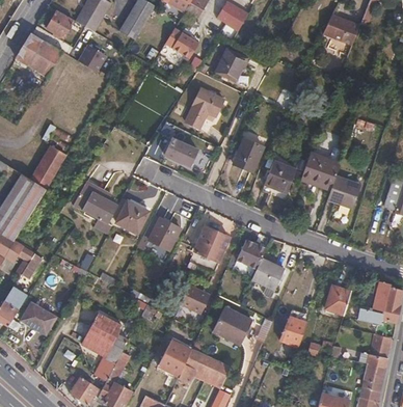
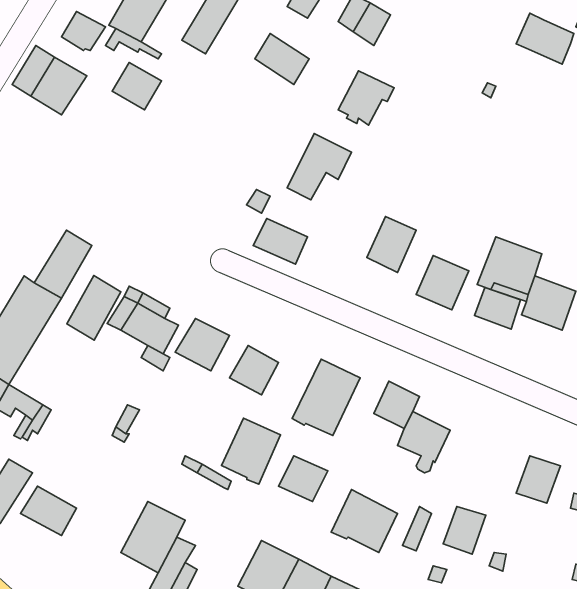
building: none -> [67,275,121,340]
building: none -> [474,287,520,329]
building: none -> [222,418,281,484]

